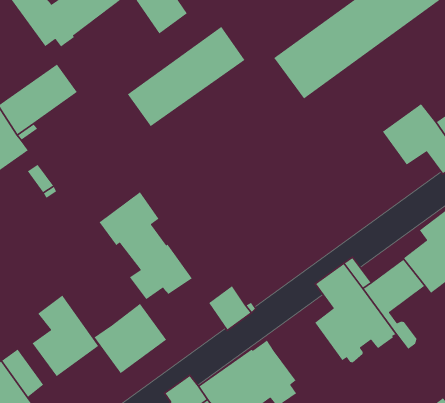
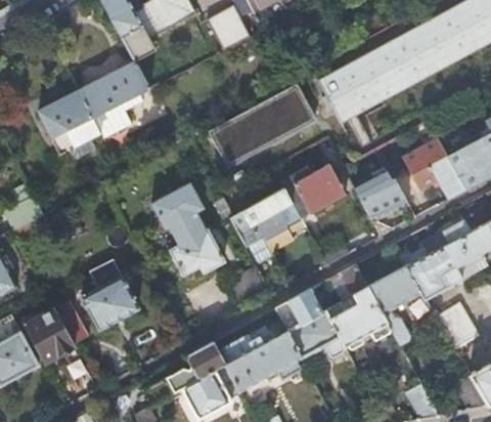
building: [127,26,245,127] -> [210,86,314,164]
building: none -> [354,165,408,223]
building: none -> [291,164,346,213]
building: none -> [230,187,294,248]
building: none -> [274,289,344,358]
building: [93,303,167,374] -> none

